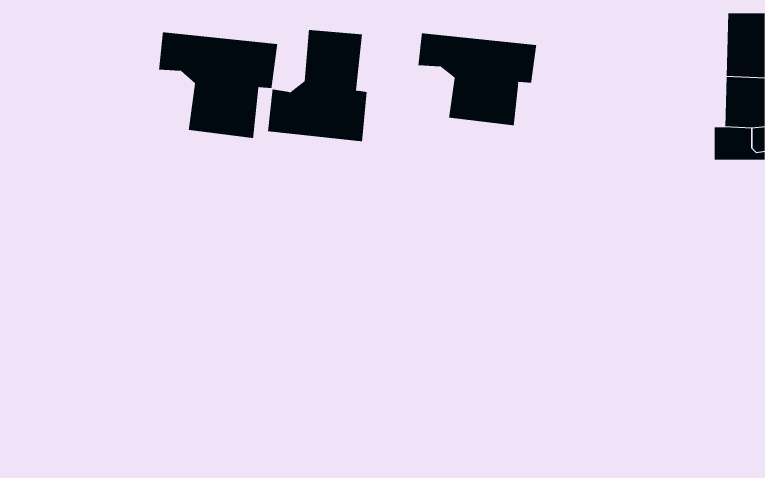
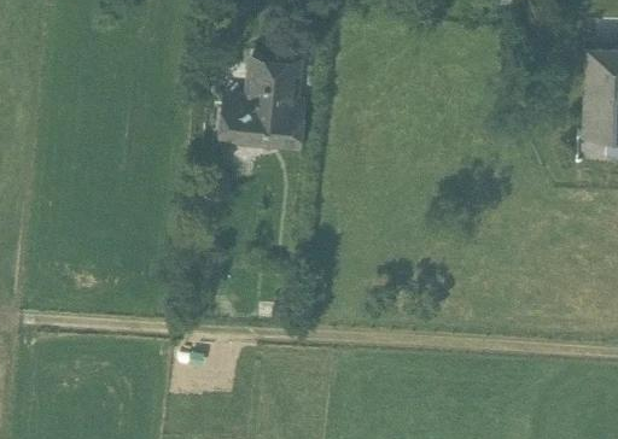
building: [159,32,278,139] -> none
building: [418,33,537,126] -> none

